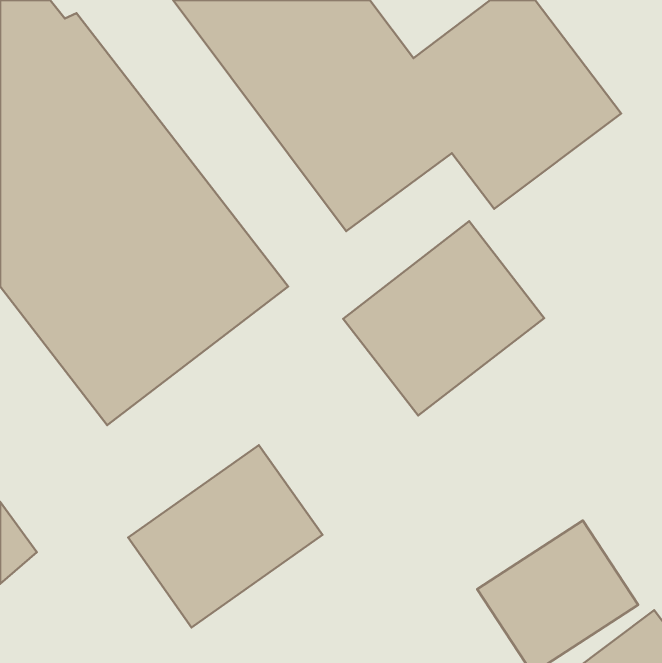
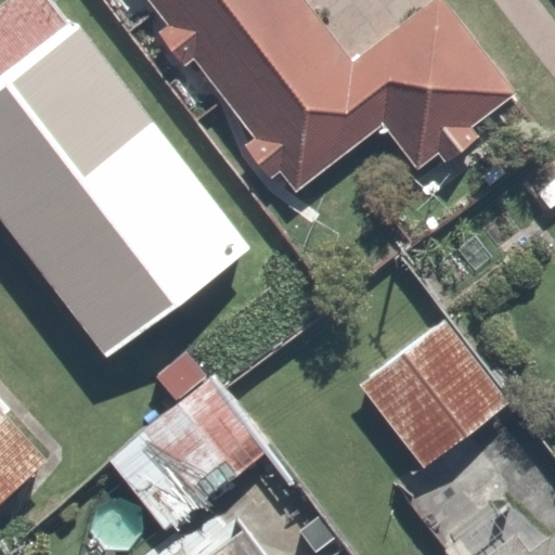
building: [343,221,544,416] -> none
building: none -> [358,312,514,464]

